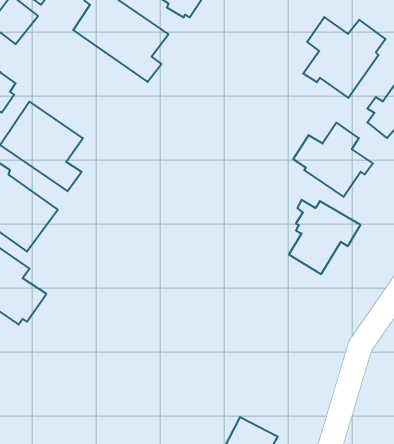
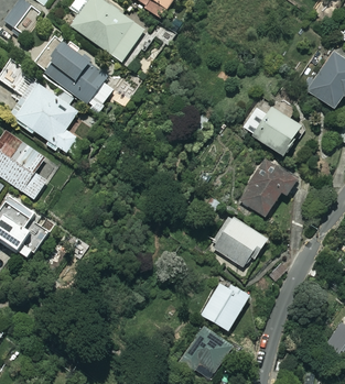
building: [303,17,386,98] -> none
building: none -> [34,37,112,113]
building: none -> [211,215,268,267]
building: none -> [198,278,248,331]

